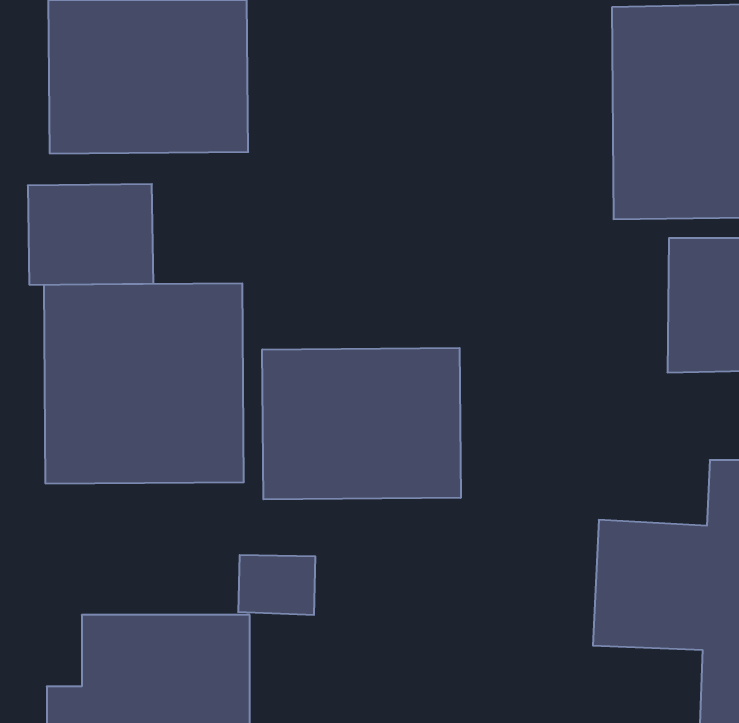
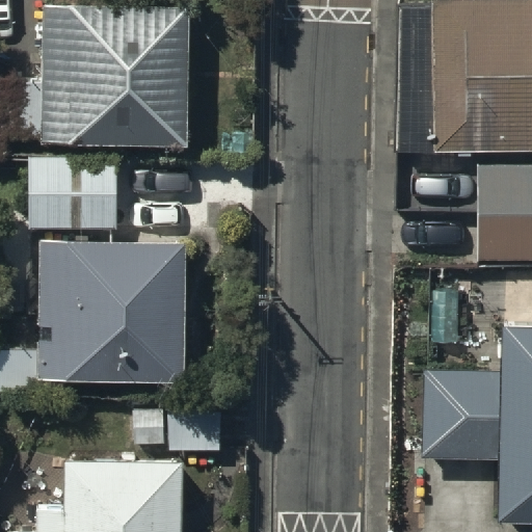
building: [262,348,461,499] -> none

